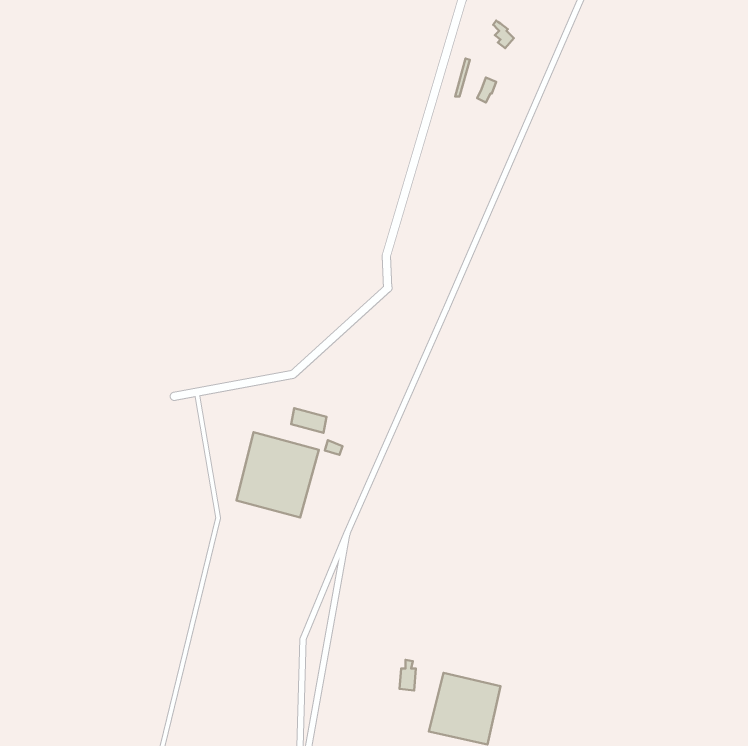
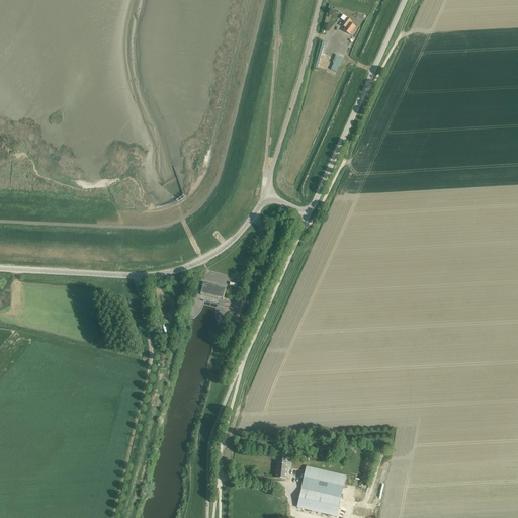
building: [237,432,319,517] -> none

